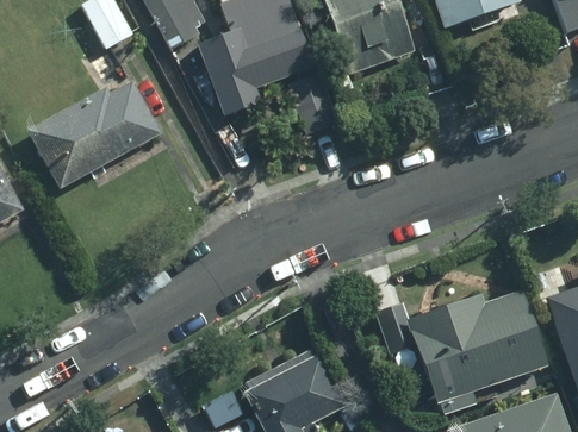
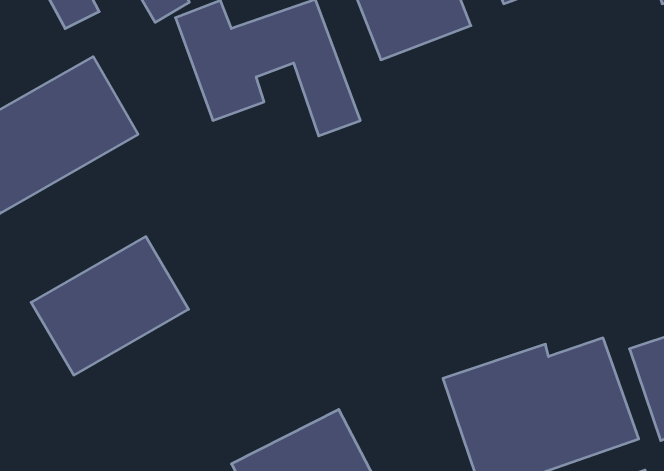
building: none -> [31,237,189,375]

